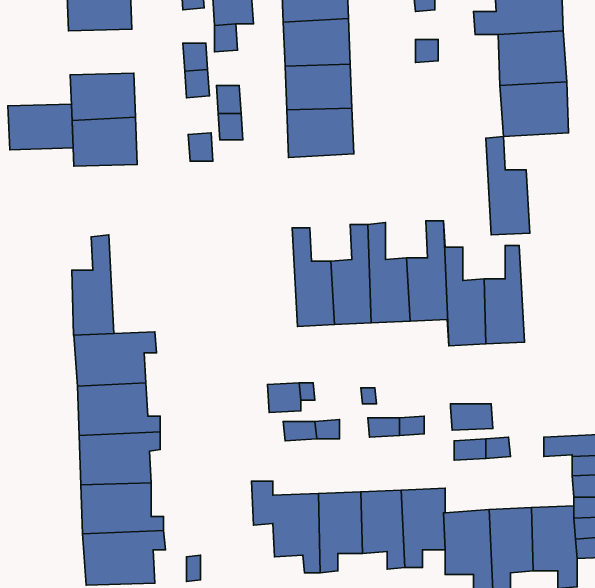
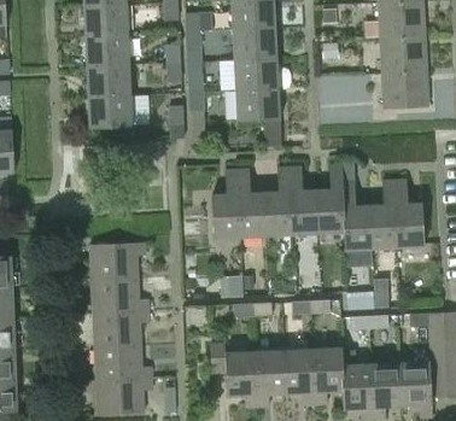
building: [8,104,73,150] -> [84,34,129,65]
building: [486,136,530,235] -> [393,181,423,248]
building: [72,235,114,335] -> [212,170,241,239]

